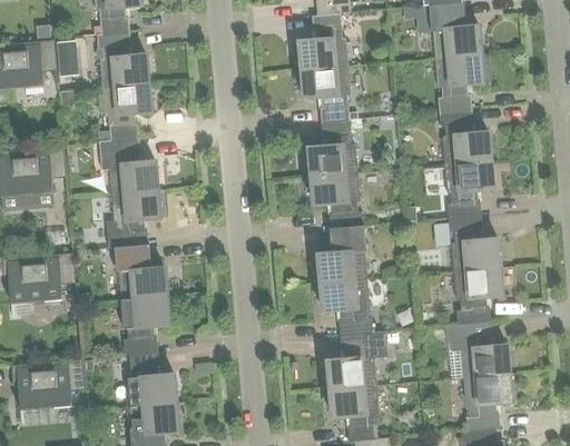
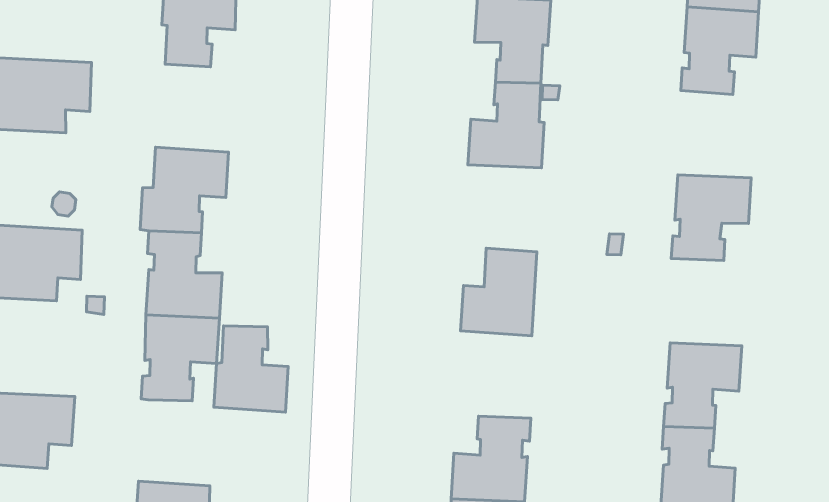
building: [439,109,491,165] -> none
building: [100,138,158,194] -> none
building: [311,172,363,228] -> none
building: [448,215,500,271] -> none
building: [321,279,373,335] -> none
building: [128,350,176,406] -> [214,326,288,412]

